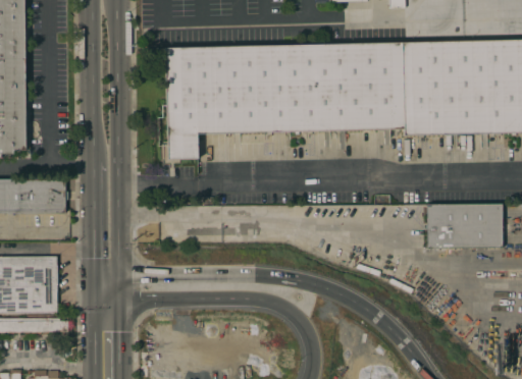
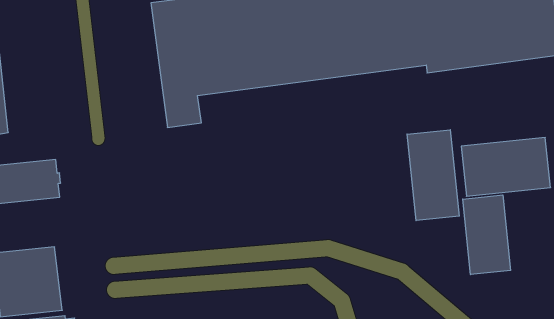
building: none -> [407,130,459,221]
building: none -> [463,195,511,275]

